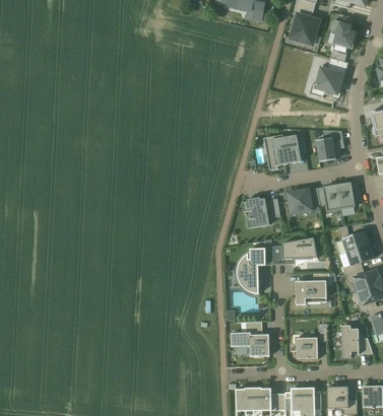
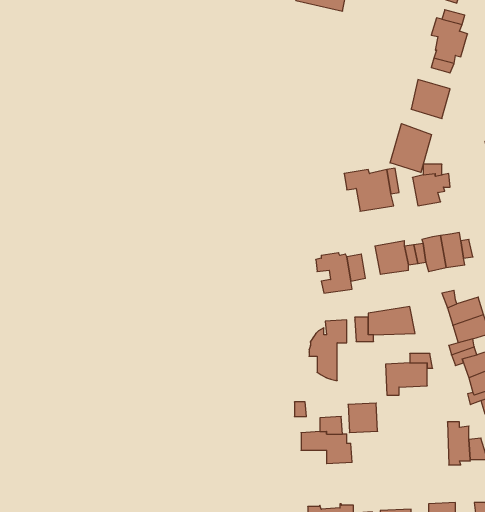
building: [289,12,319,46] -> none
building: none -> [390,124,432,173]
building: [296,337,318,359] -> [348,403,378,433]

